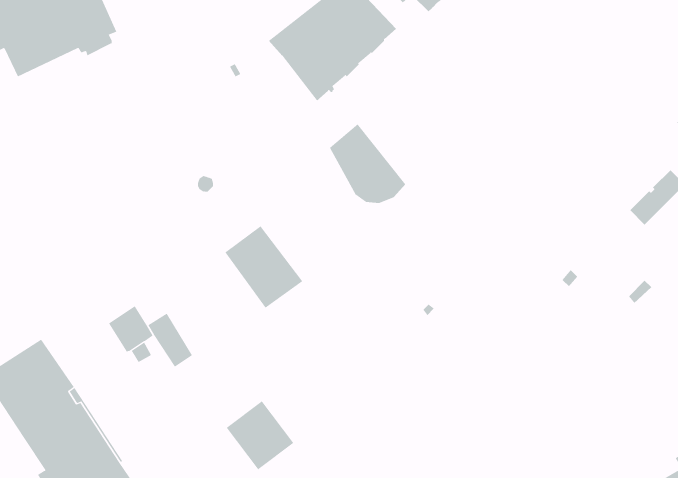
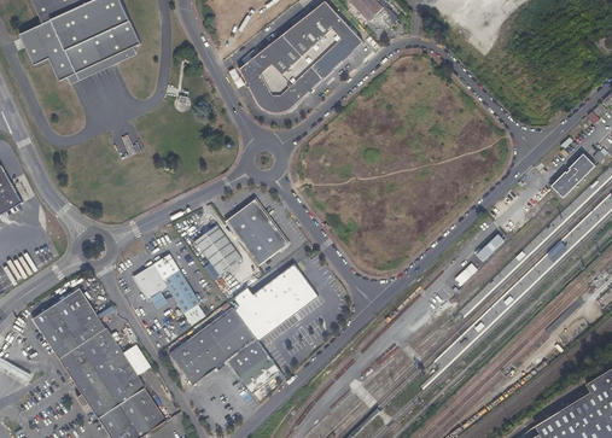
building: [329,124,406,204] -> [238,51,299,115]
building: none -> [194,223,241,274]
building: none -> [240,261,316,328]
building: none -> [169,305,256,384]

